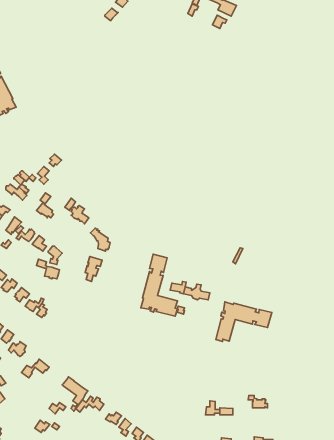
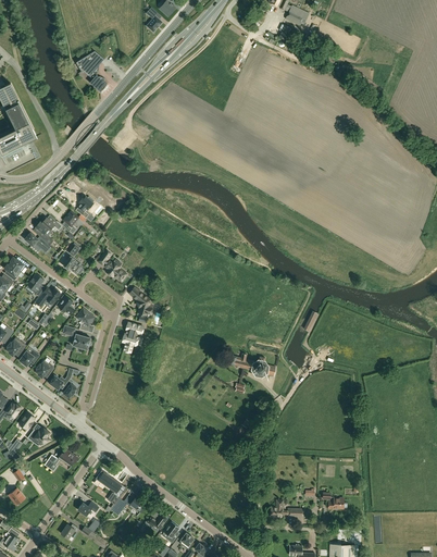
building: none -> [76,50,107,91]
building: [141,254,178,316] -> none
building: [216,302,272,342] -> none

